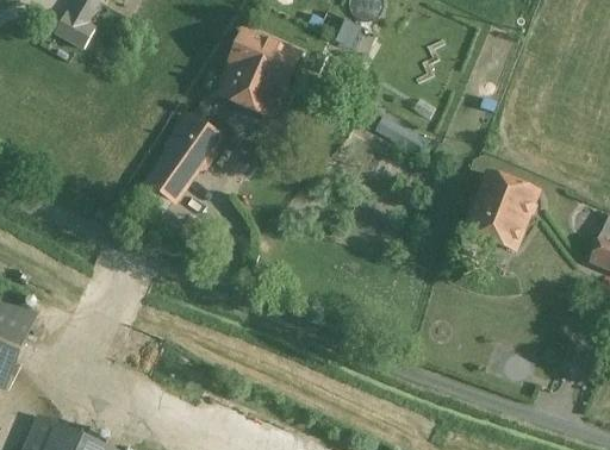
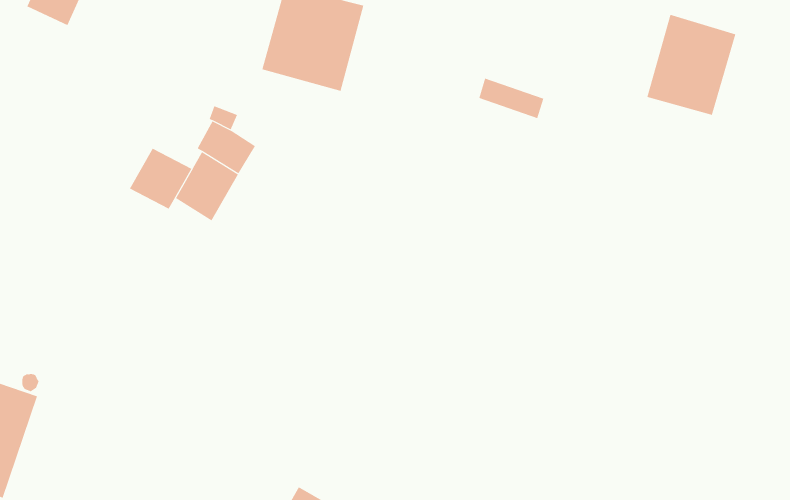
building: none -> [129,148,192,210]
building: [466,174,535,250] -> [647,14,736,116]

